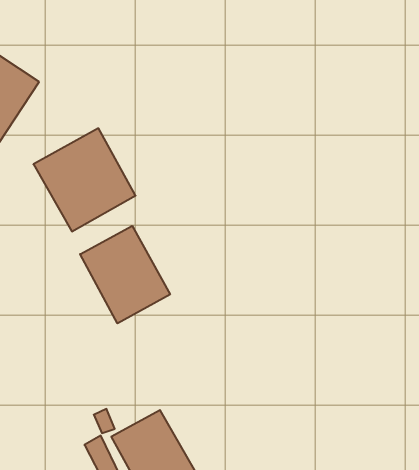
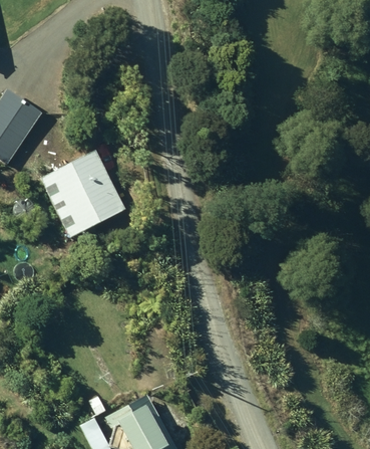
building: [80,226,170,323] -> none

